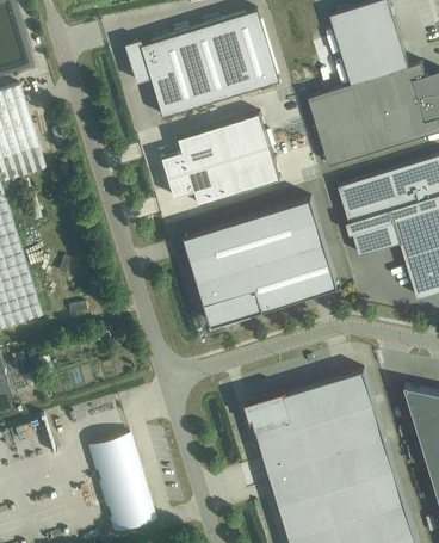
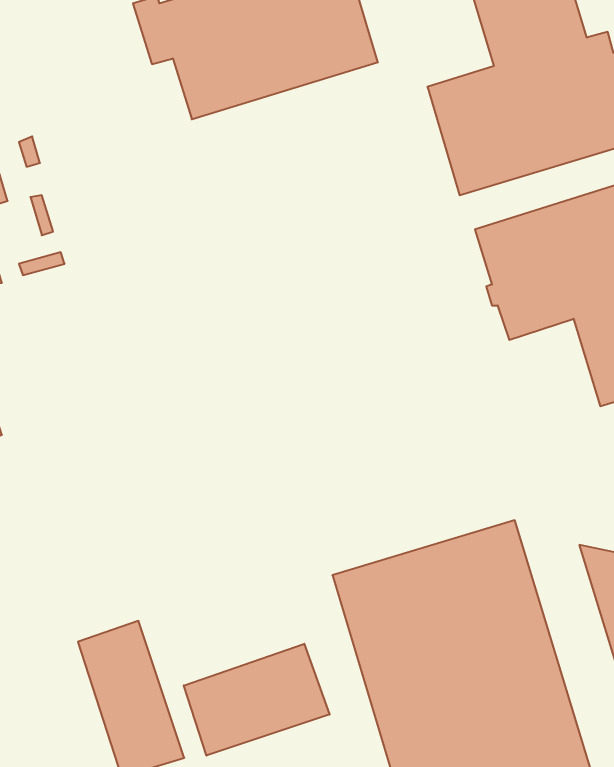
building: [161,113,279,206] -> none
building: [183,199,339,326] -> none
building: none -> [184,644,330,756]

